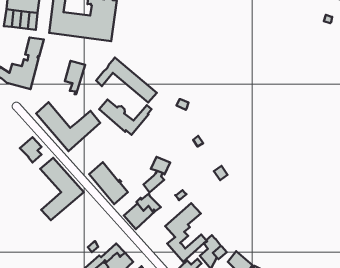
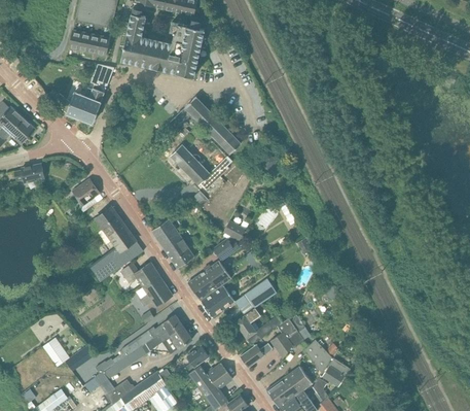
building: [65,61,85,94] -> none
building: [36,102,100,151] -> none
building: none -> [120,263,173,307]
building: none -> [201,285,234,317]

